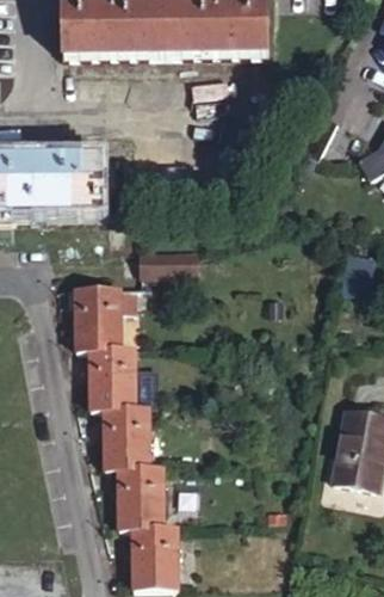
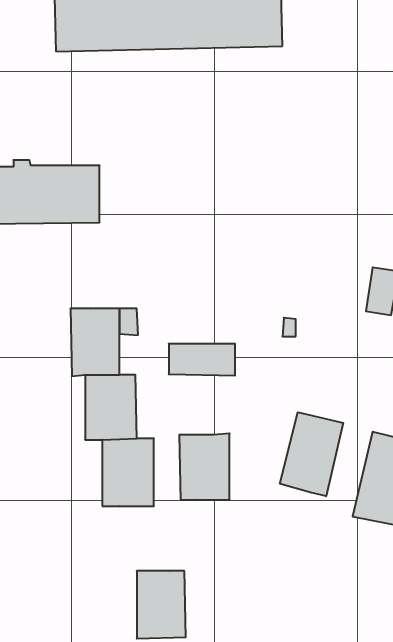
building: [138,247,198,276] -> [169,344,235,376]
building: none -> [280,412,343,496]
building: [119,466,165,525] -> [179,433,230,500]

